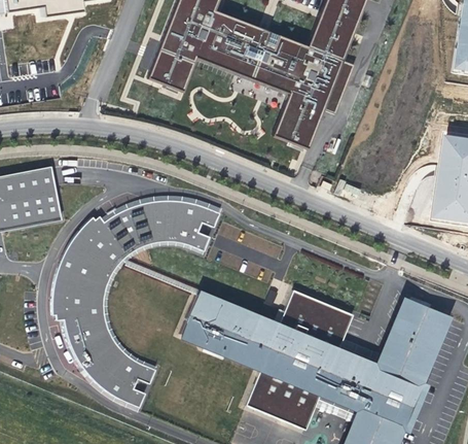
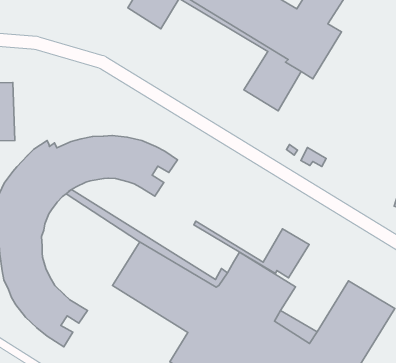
building: none -> [194,221,309,278]

